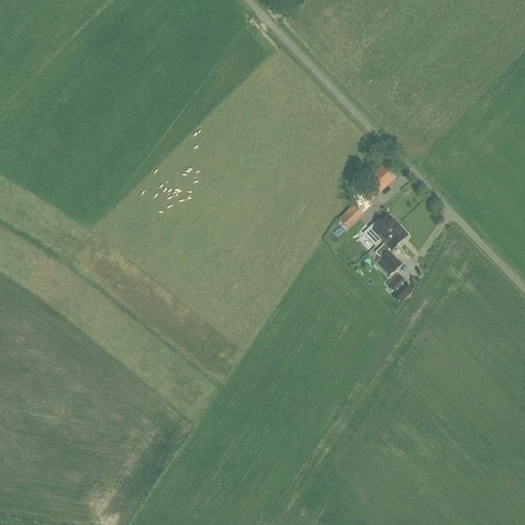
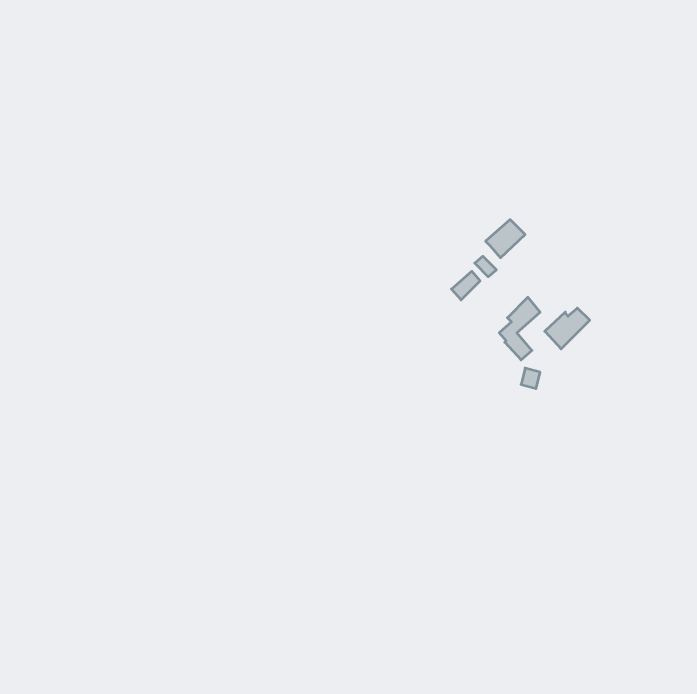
building: [363,214,397,245] -> [545,308,590,349]

